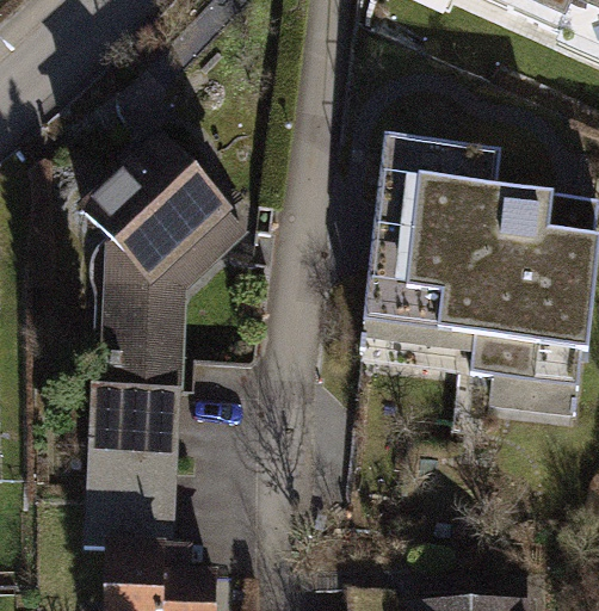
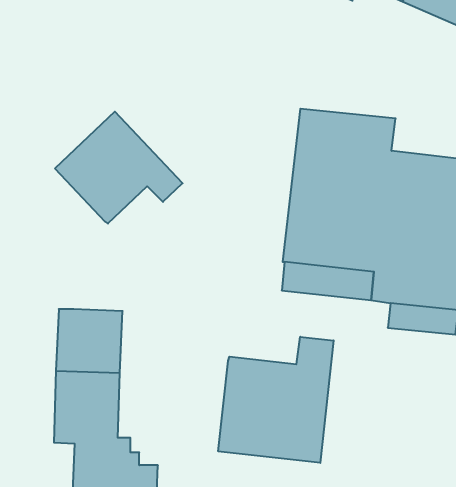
building: [112,230,221,382] -> none
building: none -> [218,337,334,463]

